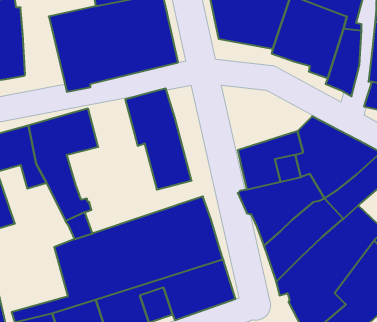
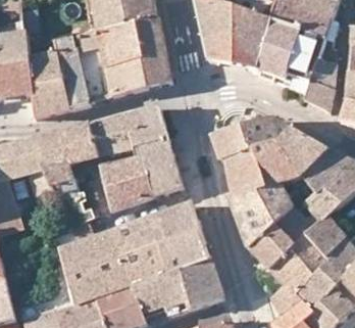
building: none -> [30,51,69,118]
building: none -> [89,114,132,157]
building: none -> [213,118,292,161]
building: none -> [99,154,151,208]

